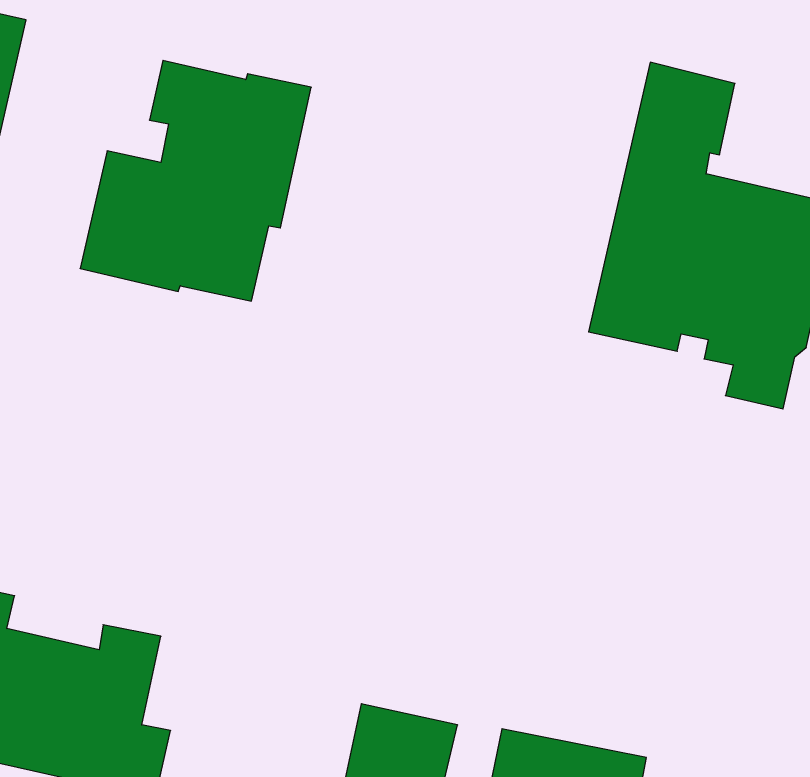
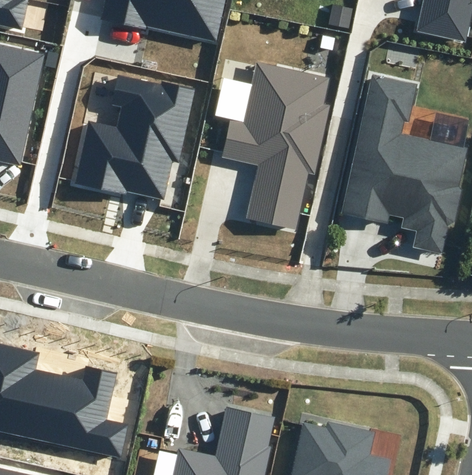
building: none -> [223,60,335,230]

